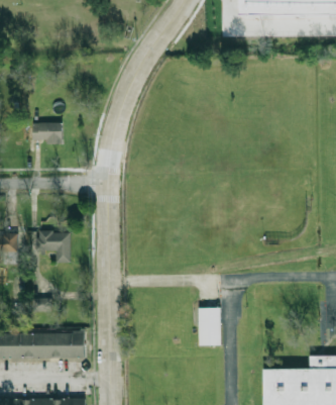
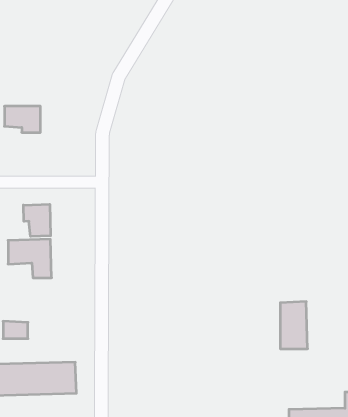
building: none -> [23,204,51,236]
building: [197,307,219,345] -> [280,302,308,349]

